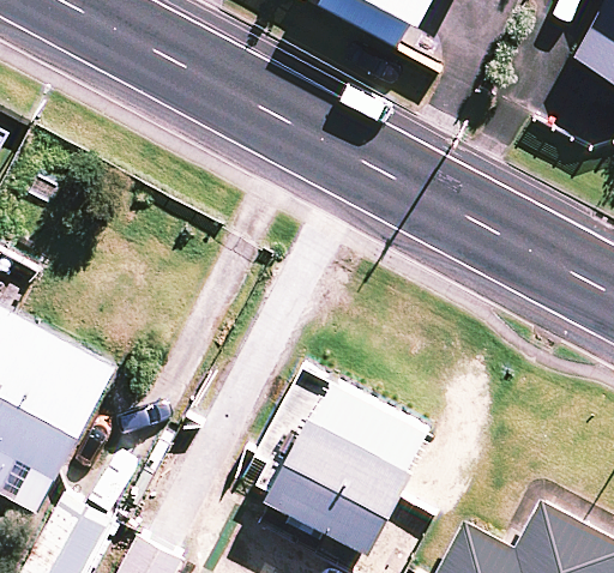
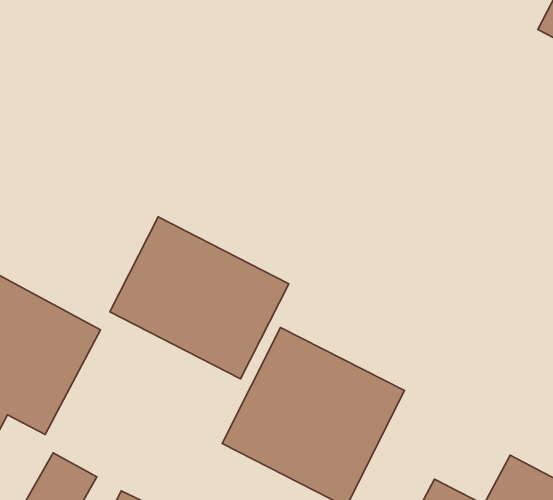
building: none -> [110,217,289,379]

